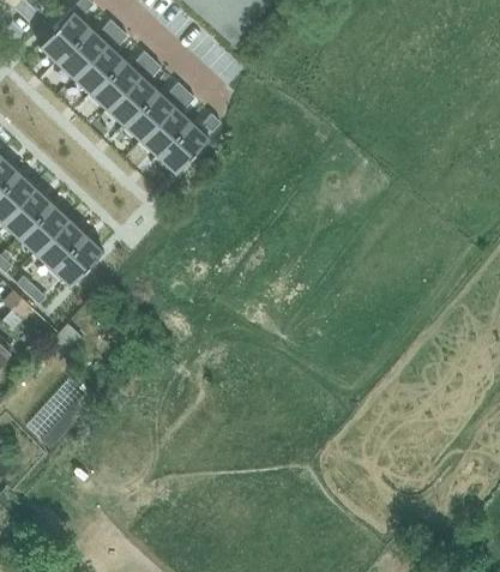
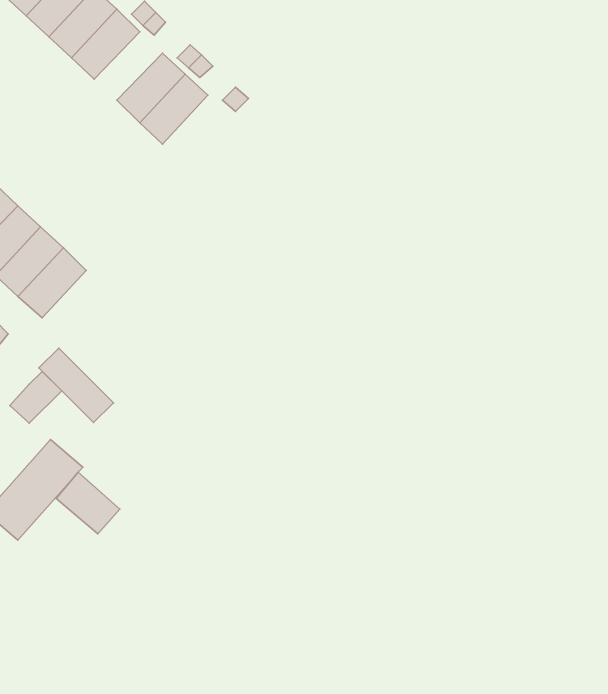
building: [107,73,157,124] -> none
building: [157,120,207,171] -> none
building: none -> [39,348,114,423]
building: none -> [56,472,120,534]

